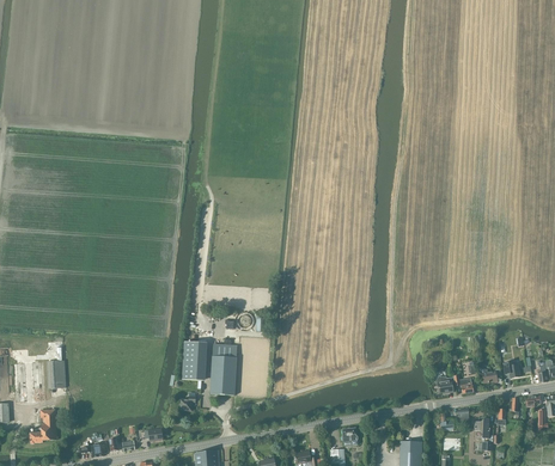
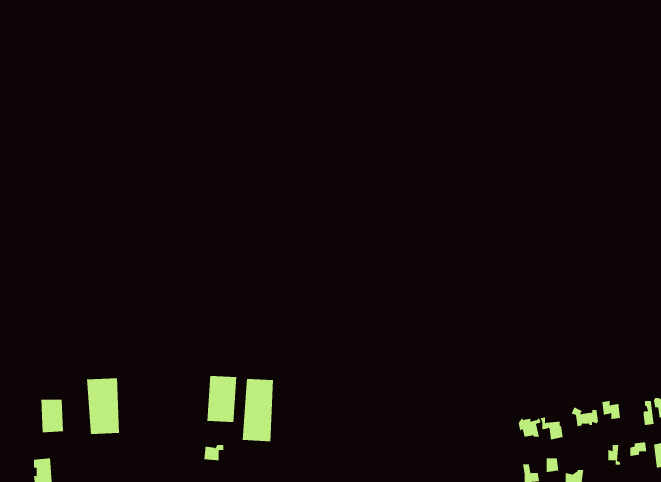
building: none -> [87,378,120,435]

